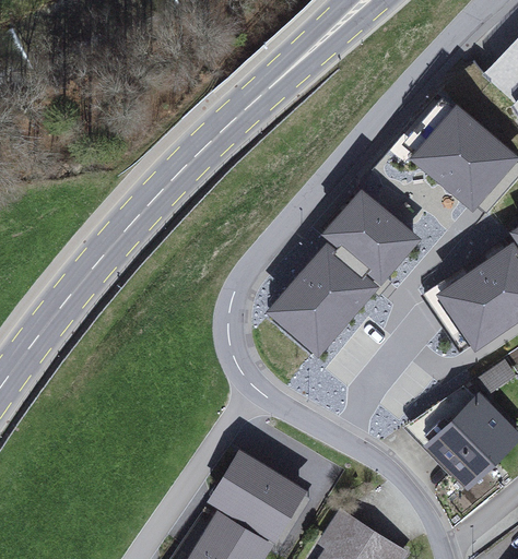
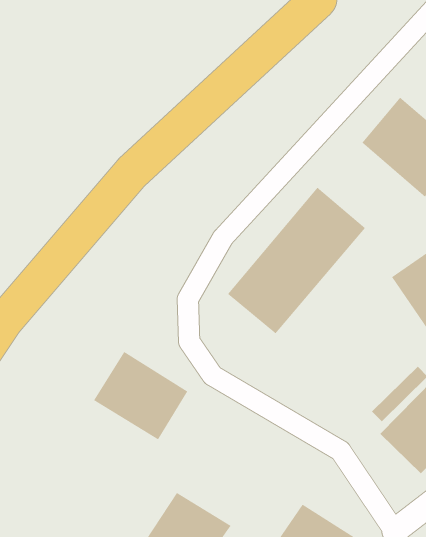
building: [208,452,306,544] -> [93,351,188,440]

